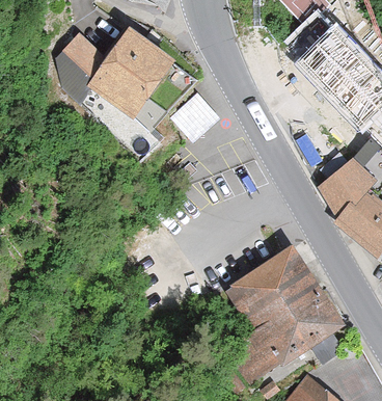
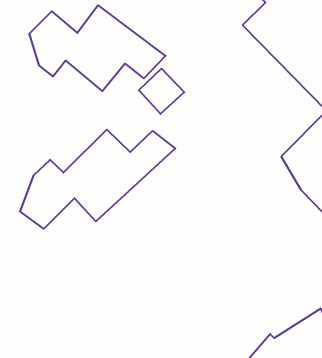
building: none -> [20,130,175,229]
building: [225,245,345,383] -> none

